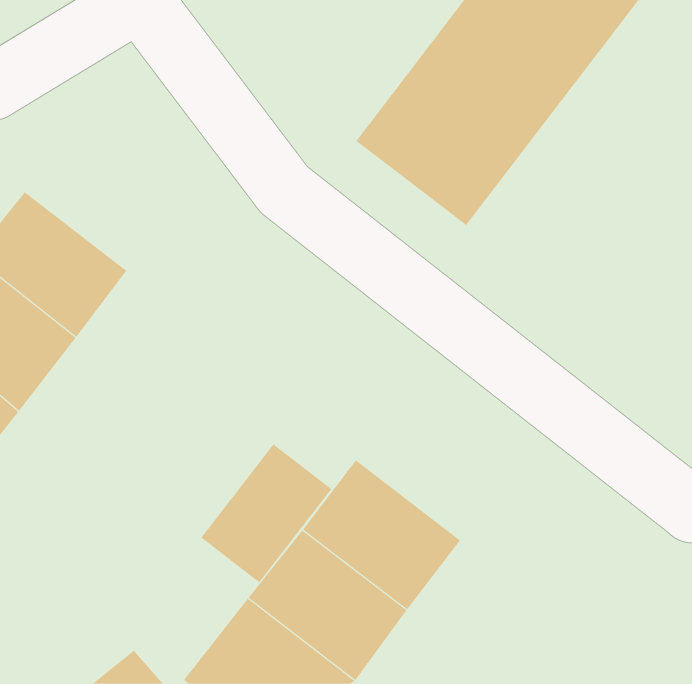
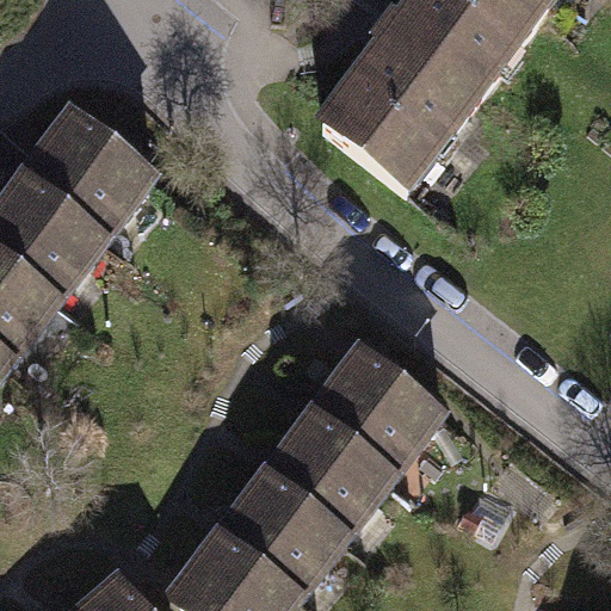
building: none -> [21,106,159,236]
building: none -> [310,339,450,471]
building: [201,444,332,583] -> none

